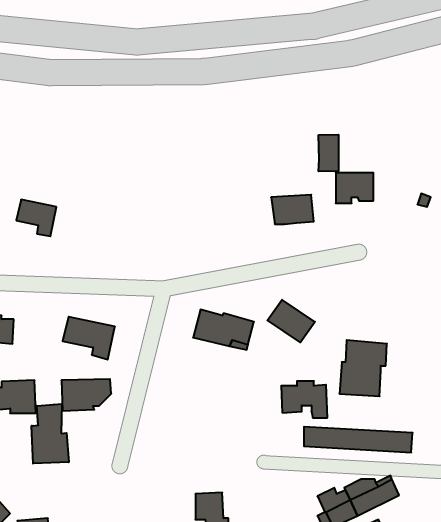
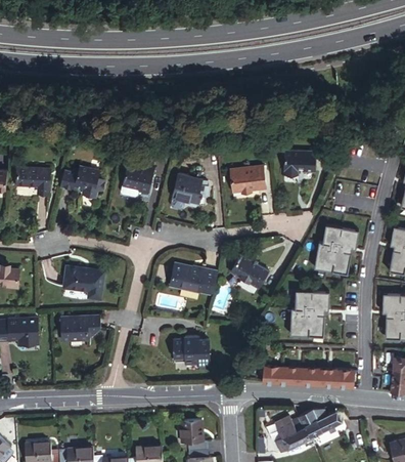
building: [319,135,338,171] -> none
building: none -> [59,163,108,199]
building: none -> [122,165,151,195]
building: none -> [174,175,212,204]
building: none -> [316,224,361,274]
building: [281,381,327,418] -> [170,337,209,368]
building: [32,404,69,464] -> none

